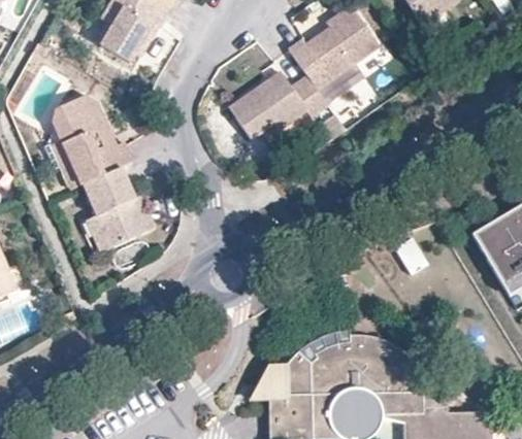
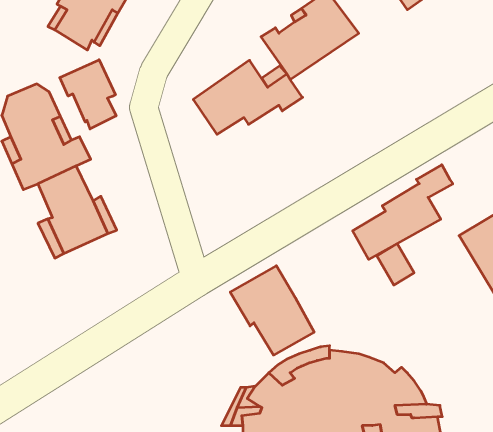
building: none -> [60,60,116,129]
building: none -> [353,165,453,259]
building: none -> [230,266,314,355]

